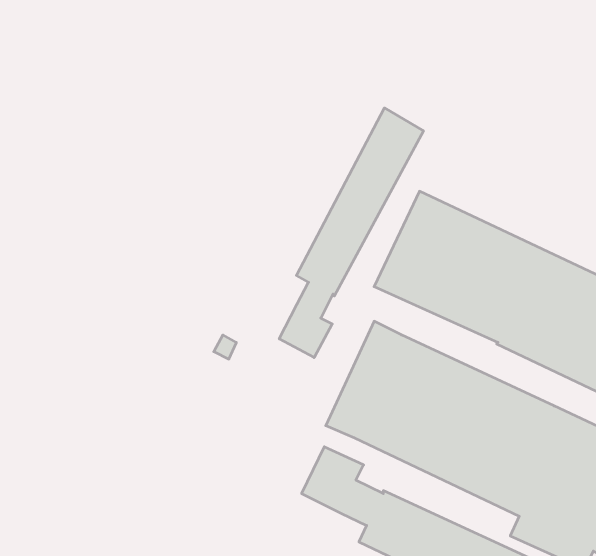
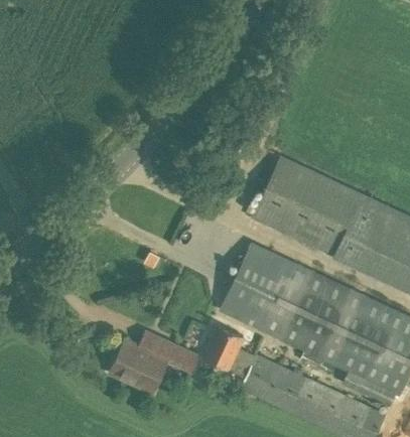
building: [279,108,423,358] -> none
building: none -> [110,329,200,393]

